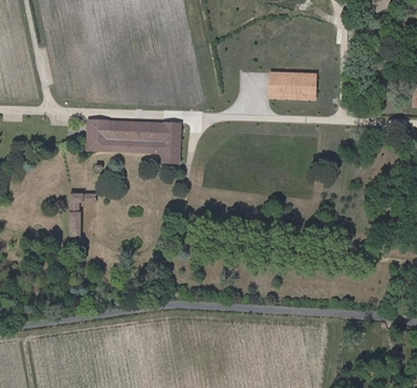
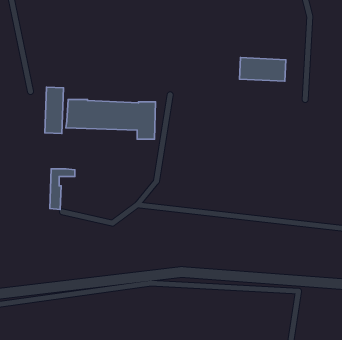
building: none -> [45,87,64,133]

